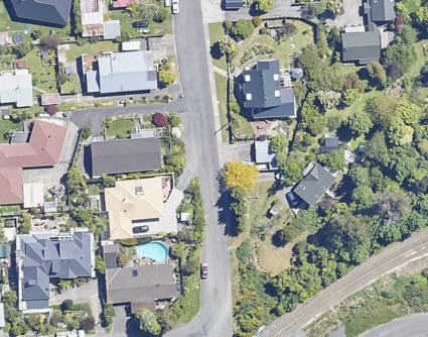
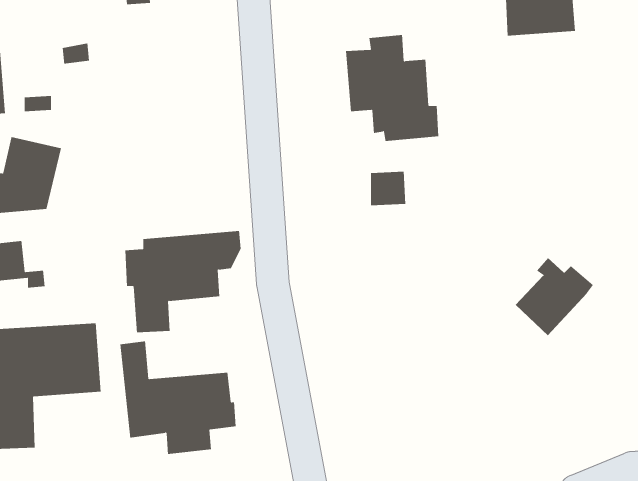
building: [86,47,154,92] -> none
building: [90,136,159,174] -> none
building: [291,157,339,206] -> [515,257,594,336]

